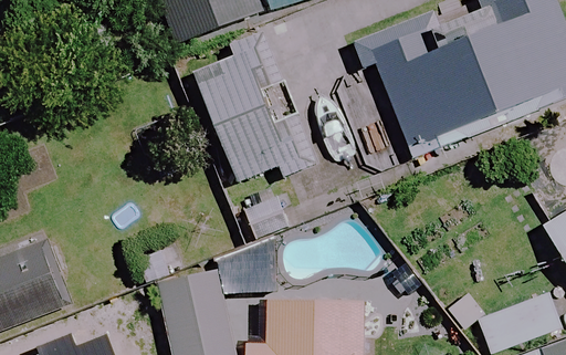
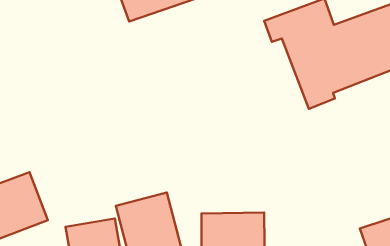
building: [197,51,318,181] -> none

